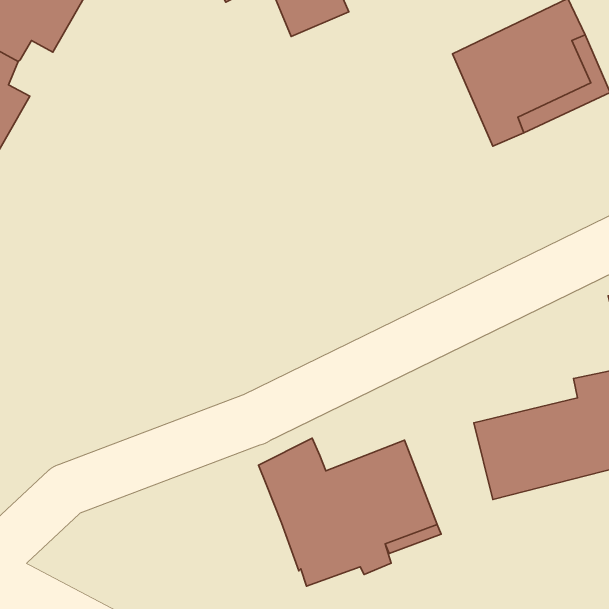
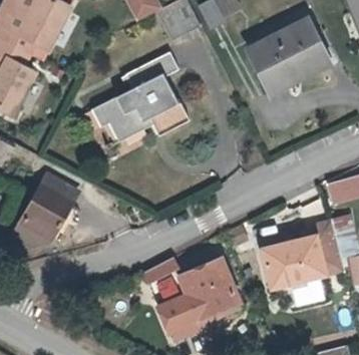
building: none -> [87,57,185,144]
building: none -> [20,182,72,240]

